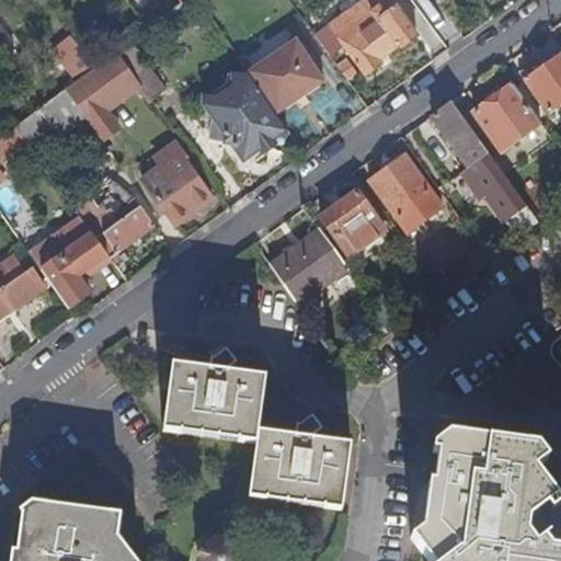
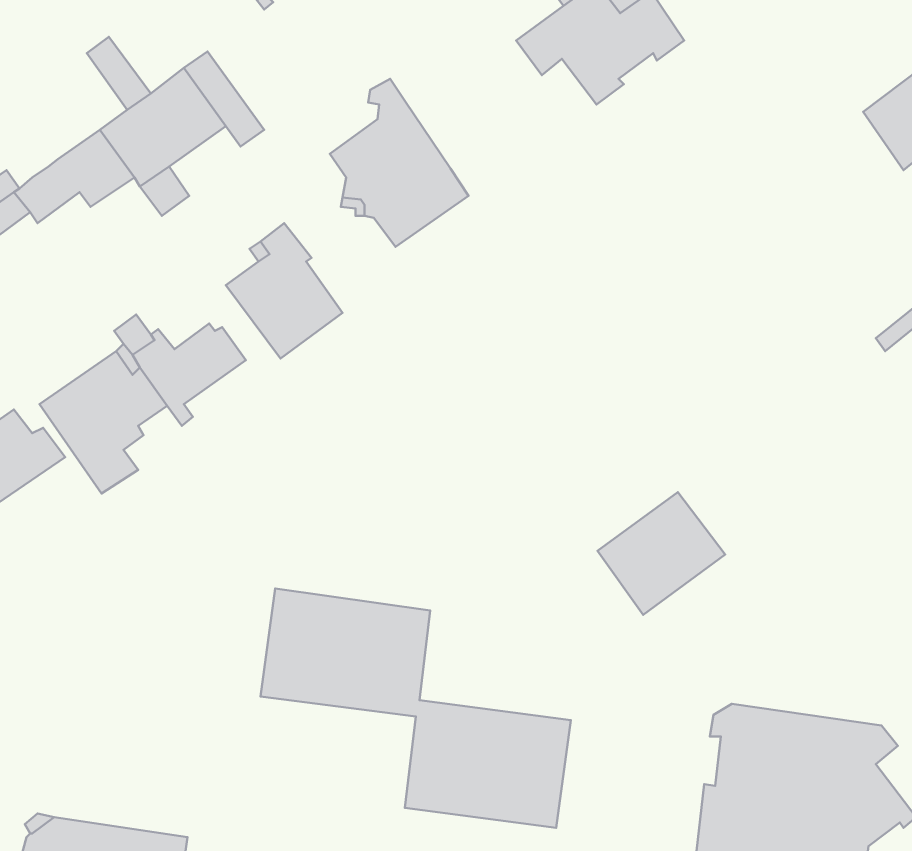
building: [249,38,324,111] -> none
building: [472,81,540,149] -> none
building: [432,100,526,218] -> none
building: [368,153,442,232] -> none
building: [320,185,385,254] -> none
building: [271,228,347,301] -> [597,492,725,615]

